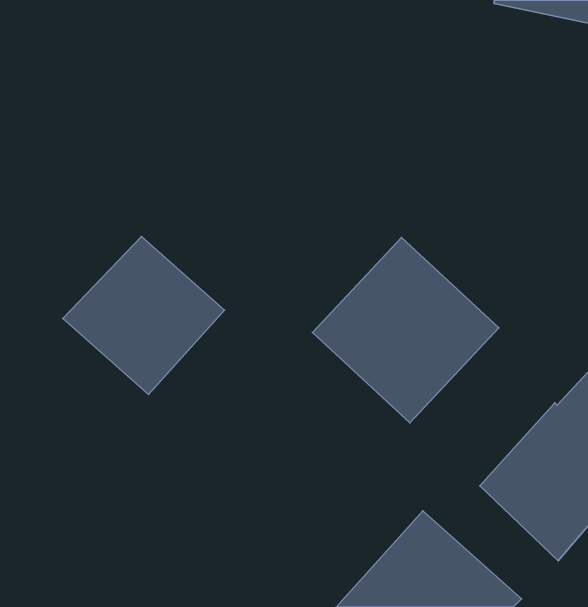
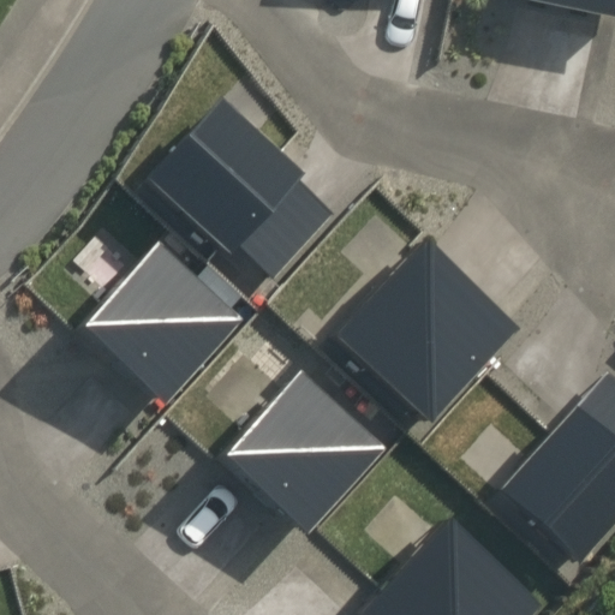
building: none -> [148,98,309,258]
building: none -> [223,372,386,535]

